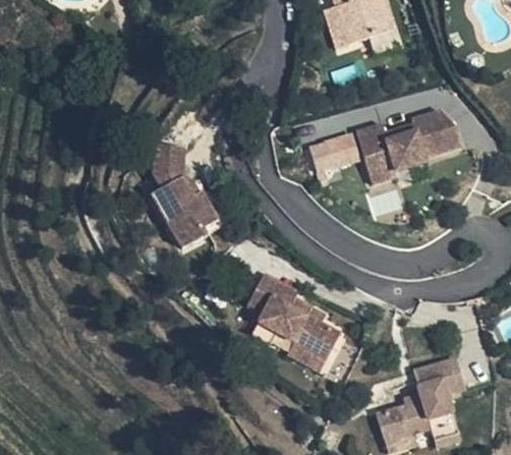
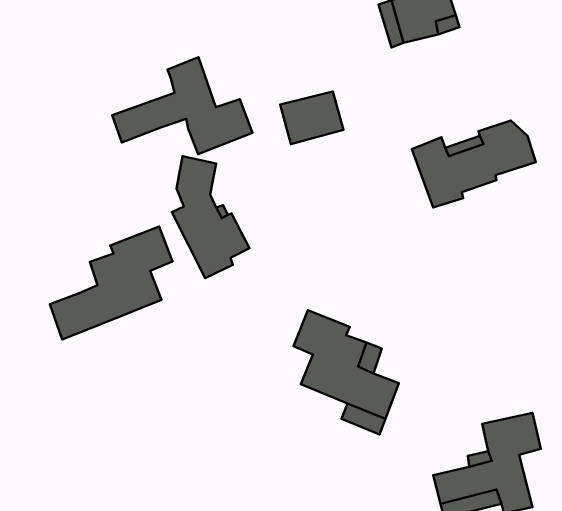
building: none -> [112,57,252,154]
building: [307,133,361,178] -> [280,91,343,144]
building: none -> [50,226,173,339]

